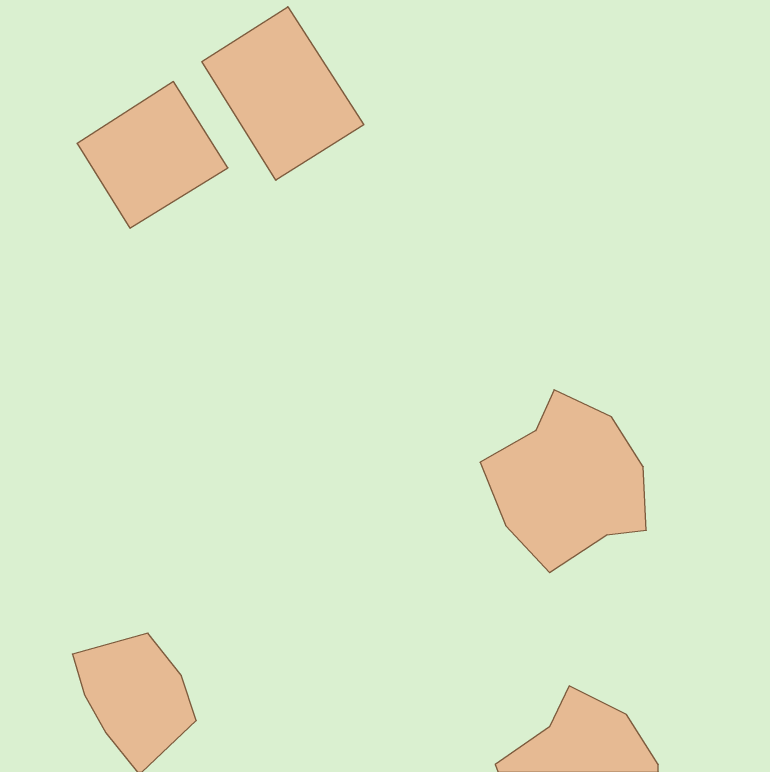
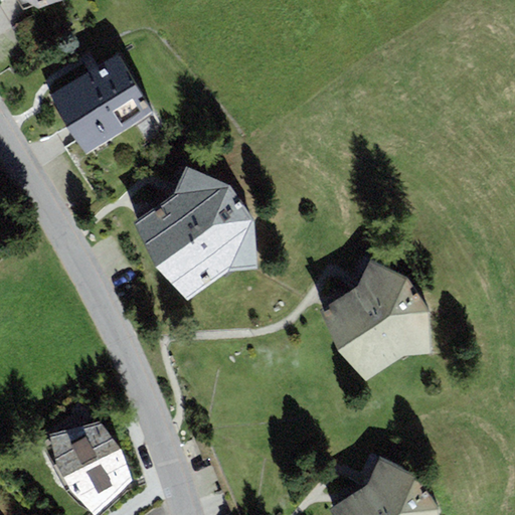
building: [202,7,364,180] -> none
building: none -> [134,166,255,301]

